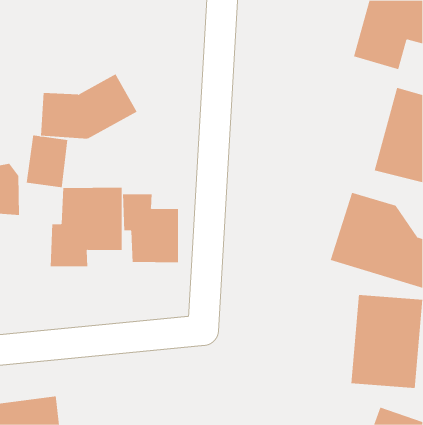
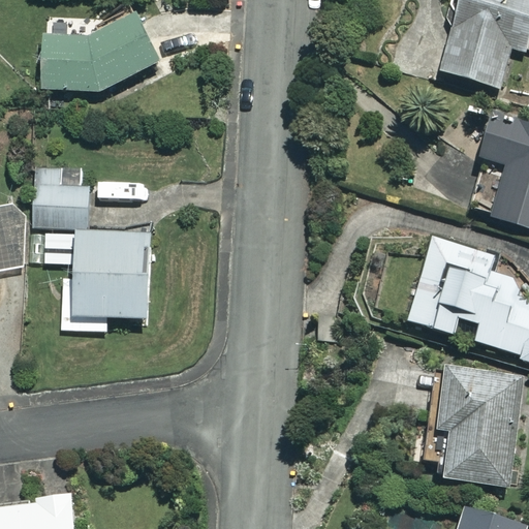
building: [40,73,138,139] -> [41,11,162,93]
building: [122,194,178,263] -> none

